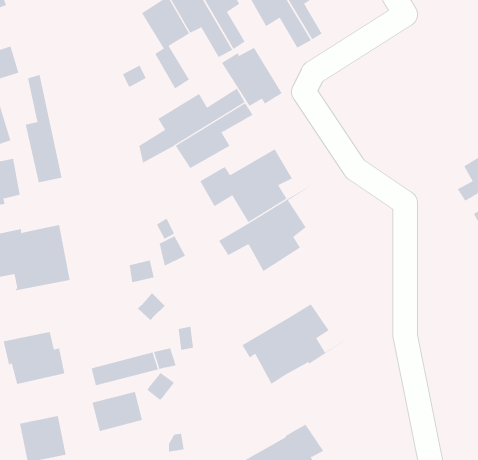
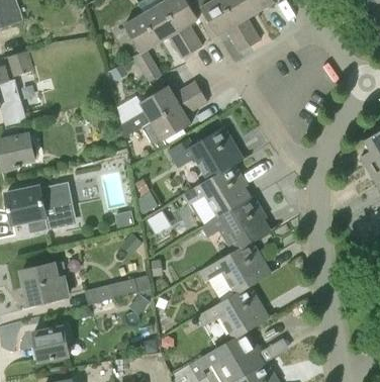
building: [221,47,282,107] -> none
building: [25,74,62,183] -> none
building: none -> [201,195,280,252]
building: none -> [197,286,277,341]
building: [92,391,143,432] -> none

